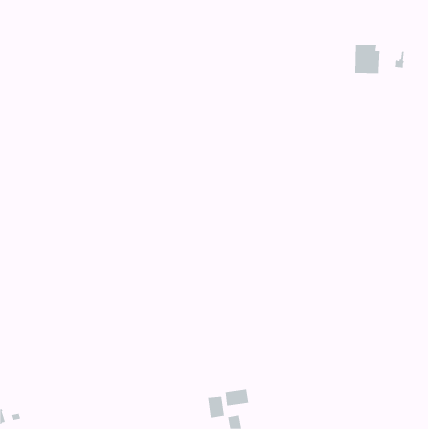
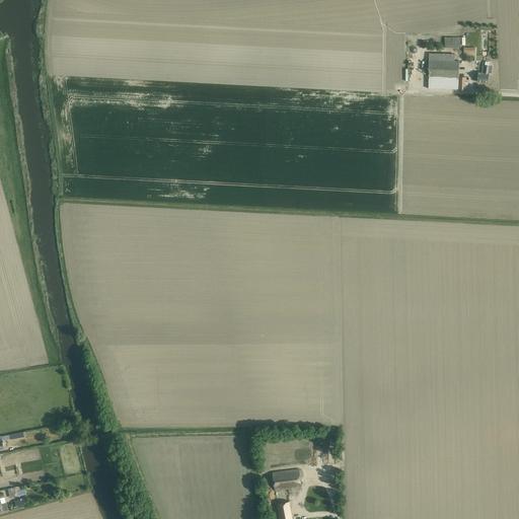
building: [208,396,224,418] -> none

